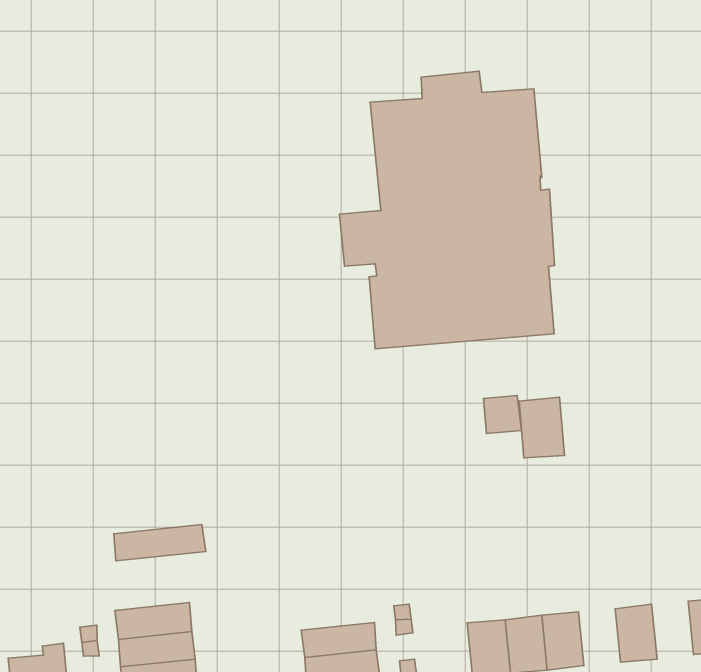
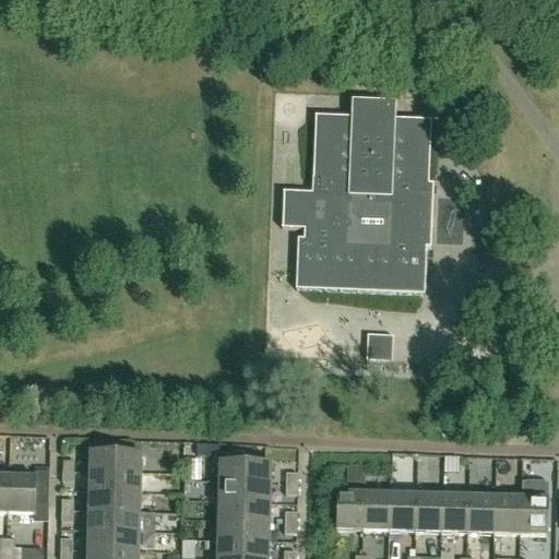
building: [519,397,564,458] -> none
building: [114,524,206,561] -> none
building: none -> [218,457,271,479]
building: none -> [467,491,495,531]
building: none -> [415,490,442,530]

